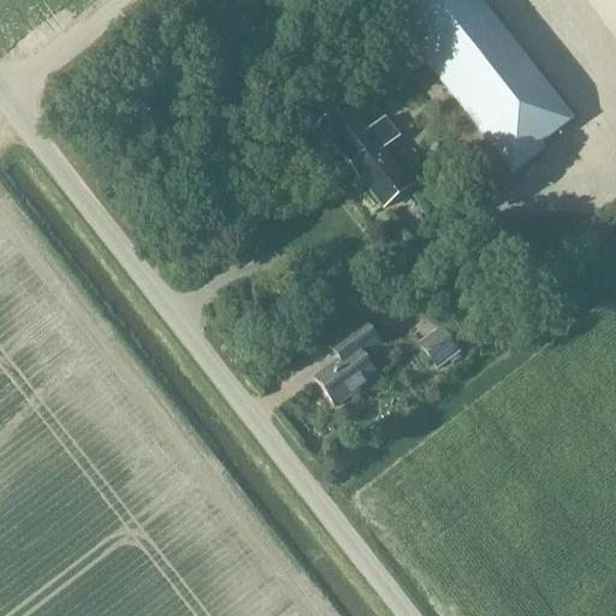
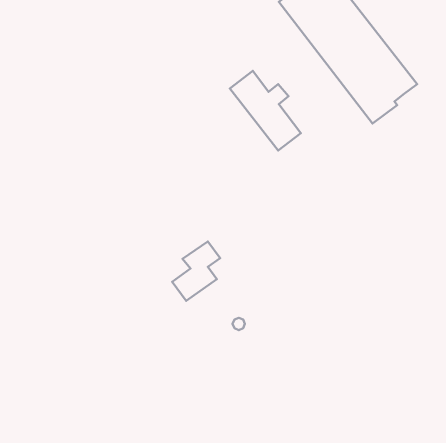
building: [315,319,381,401] -> [172,241,220,301]
building: [420,324,461,365] -> none

